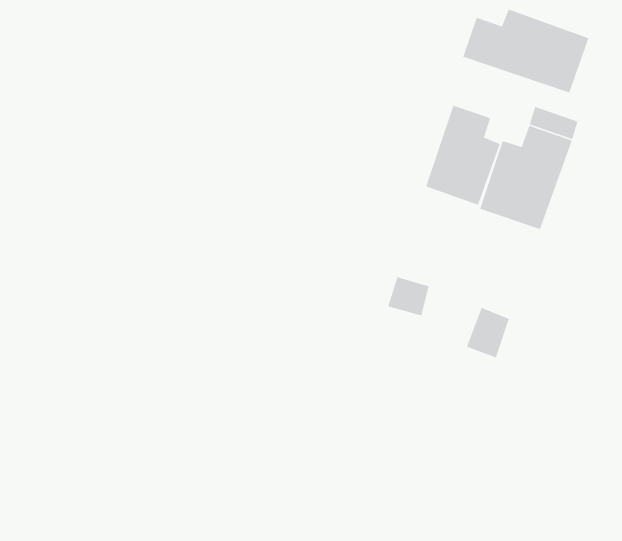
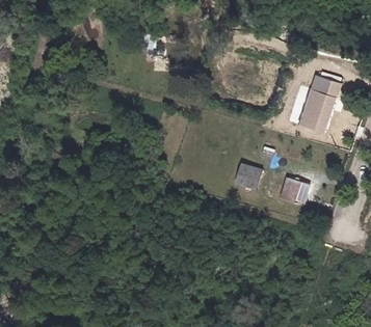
building: [462,9,590,93] -> none
building: [425,104,501,206] -> none

